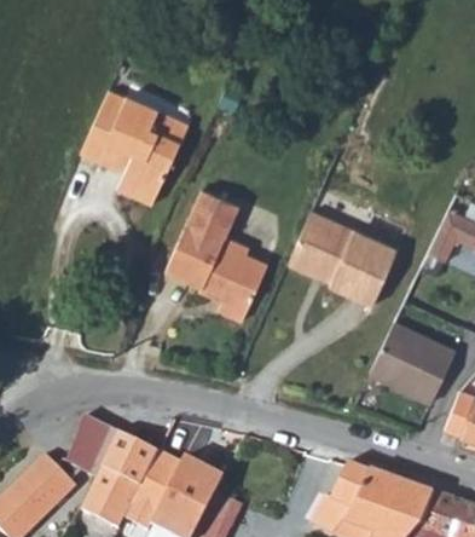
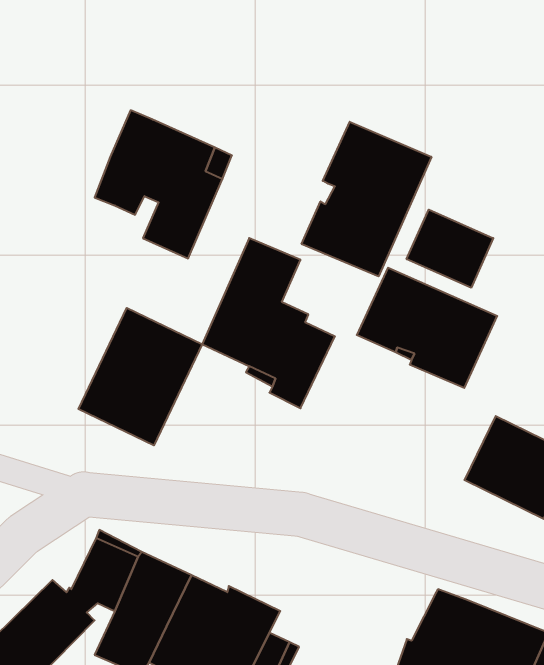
building: none -> [302,122,431,276]
building: none -> [407,210,493,288]
building: none -> [78,308,202,445]

